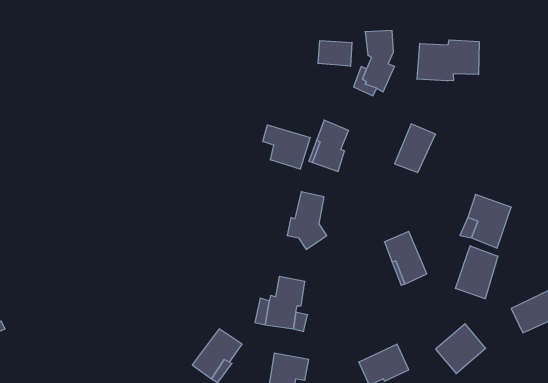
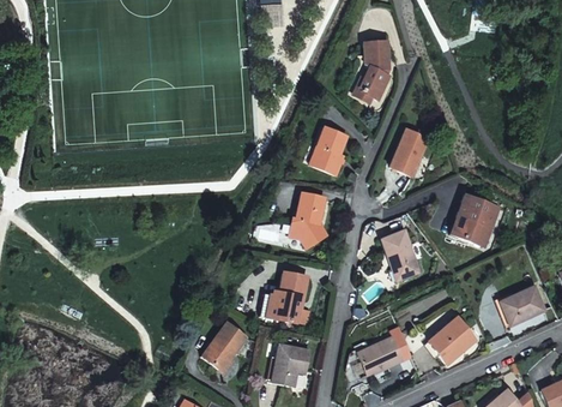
building: [417,40,479,81] -> none
building: [318,41,352,66] -> none
building: [263,125,310,169] -> none
building: [455,246,498,299] -> none

